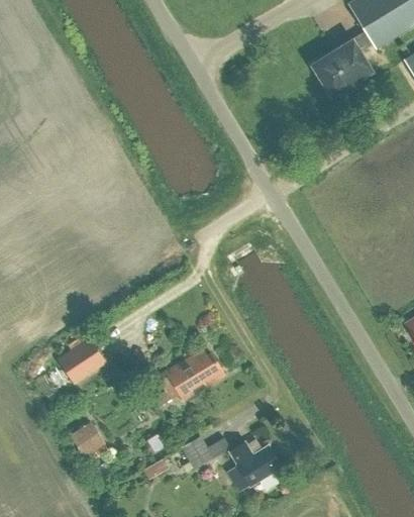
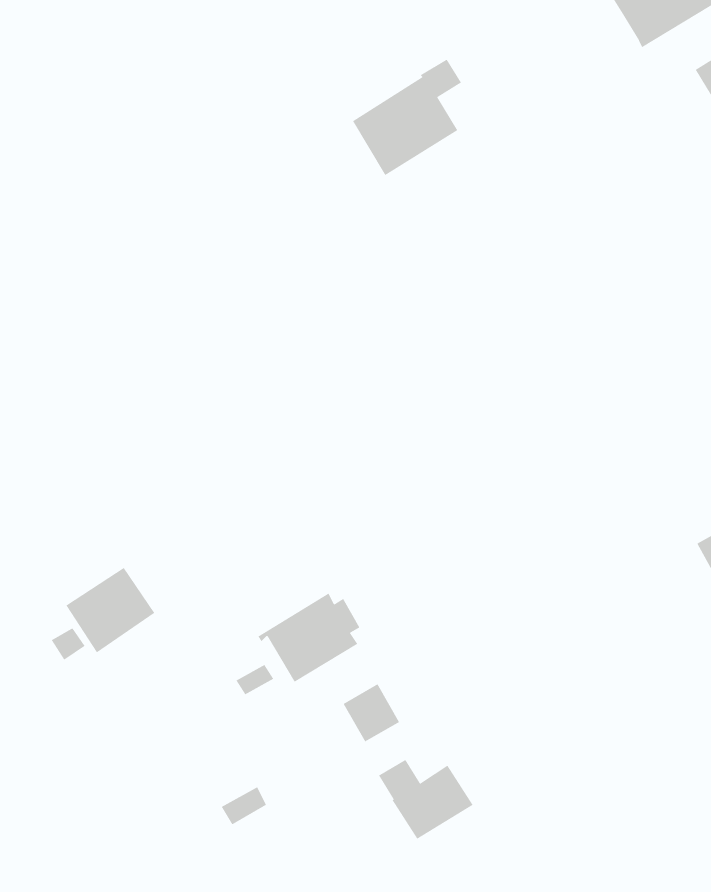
building: [313,31,374,96] -> [352,59,462,176]
building: [70,420,106,455] -> none
building: [182,434,213,467] -> [343,684,400,742]

